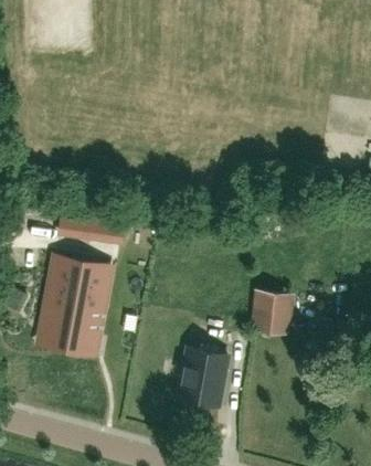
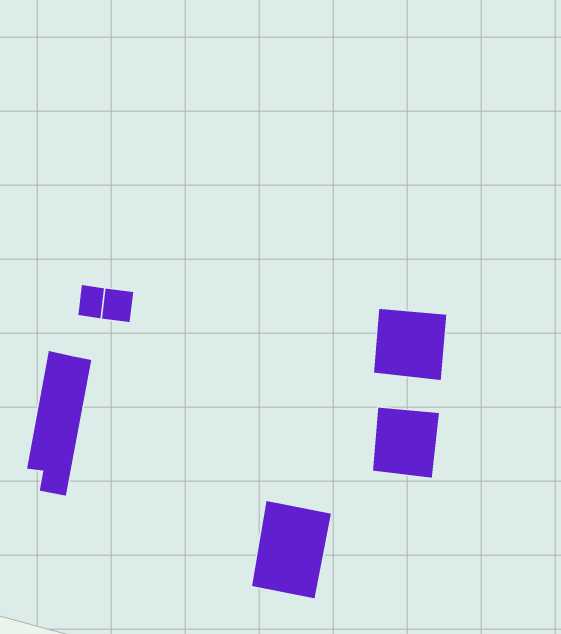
building: none -> [373,308,447,381]
building: [67,263,109,349] -> none

